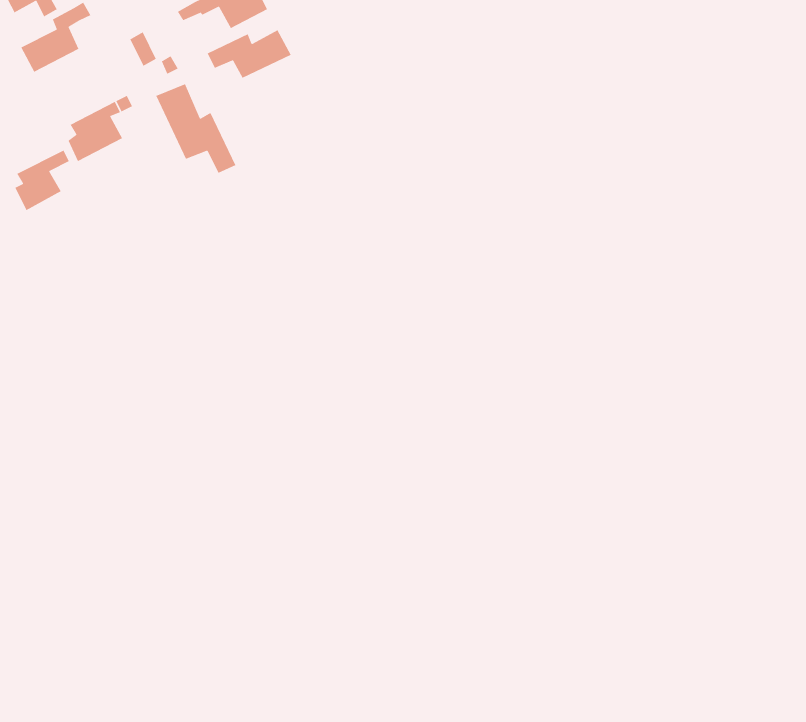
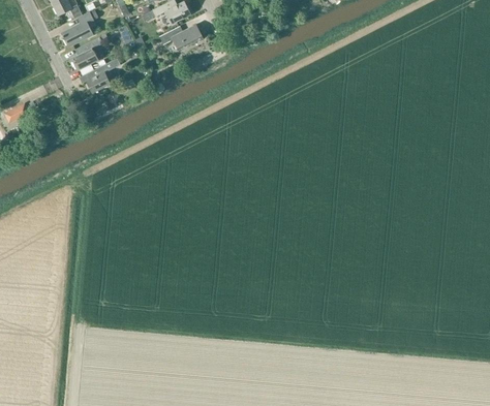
building: [155,83,236,174] -> none
building: [14,150,70,211] -> [73,37,102,69]

